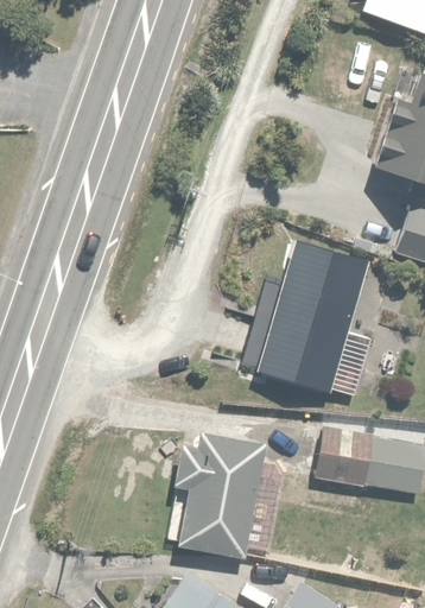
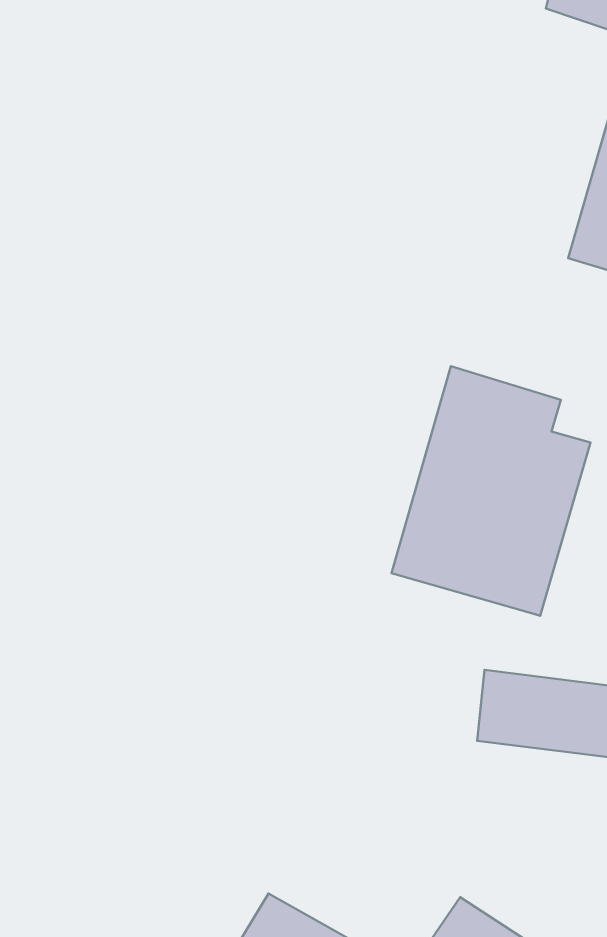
building: [175,430,281,552] -> none

